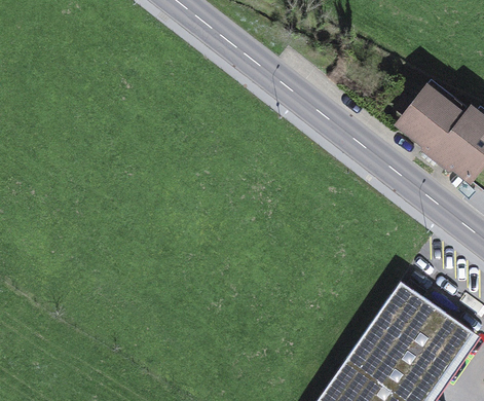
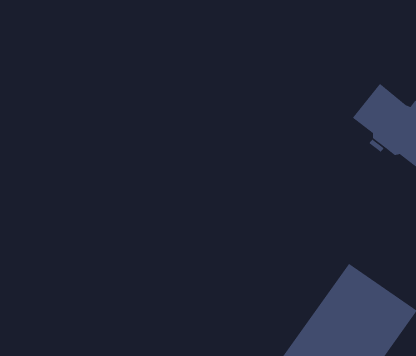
building: [398,79,468,129] -> none

